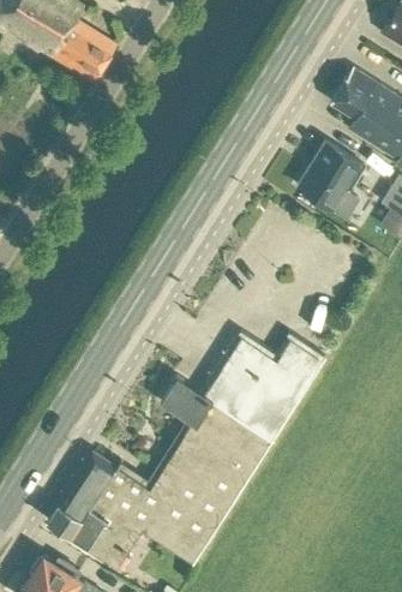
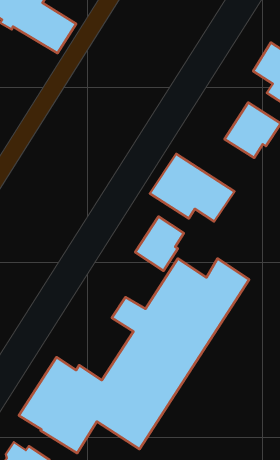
building: none -> [150,154,235,221]
building: none -> [135,216,184,271]

